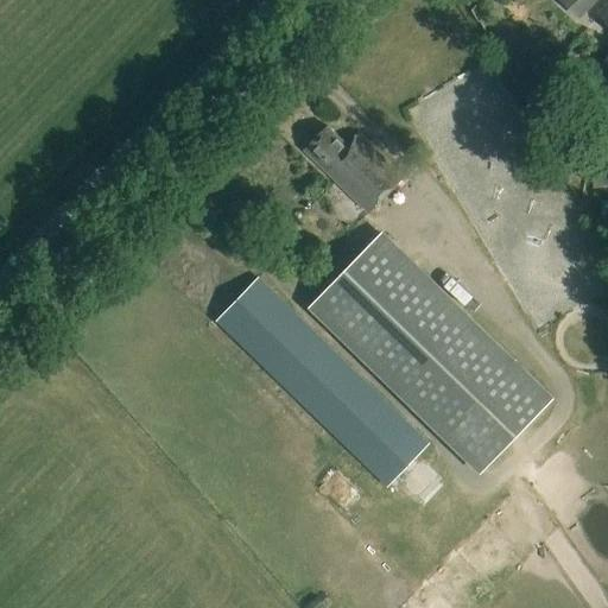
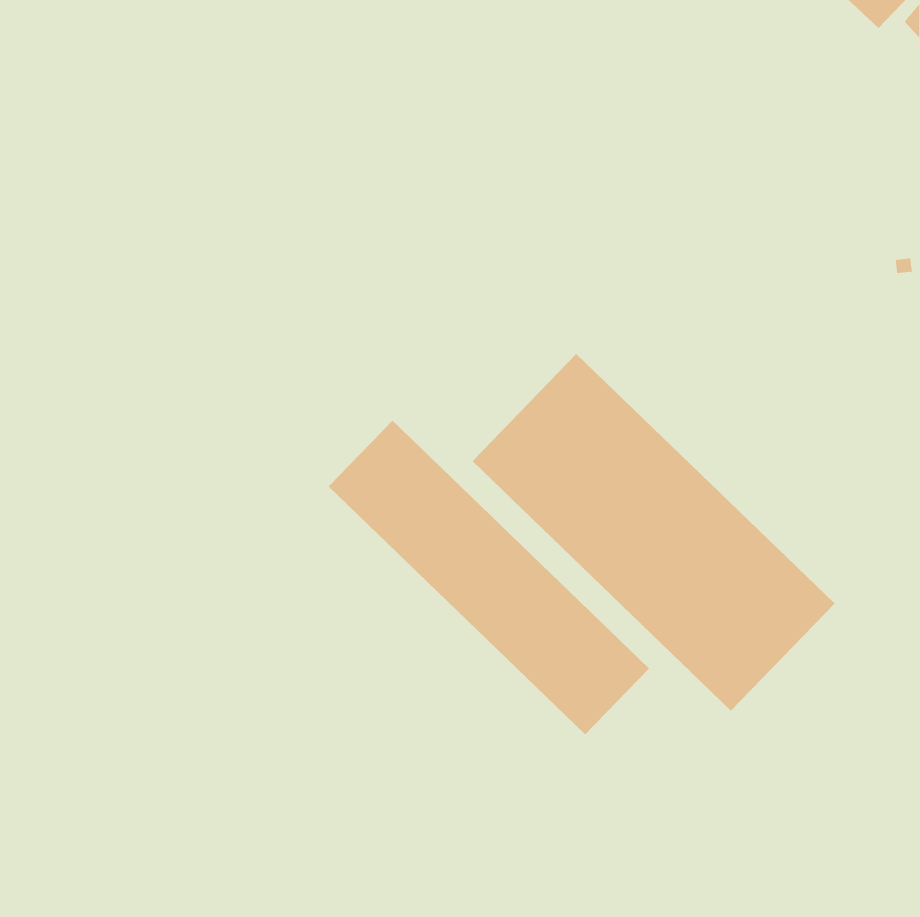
building: [306,125,403,209] -> none

